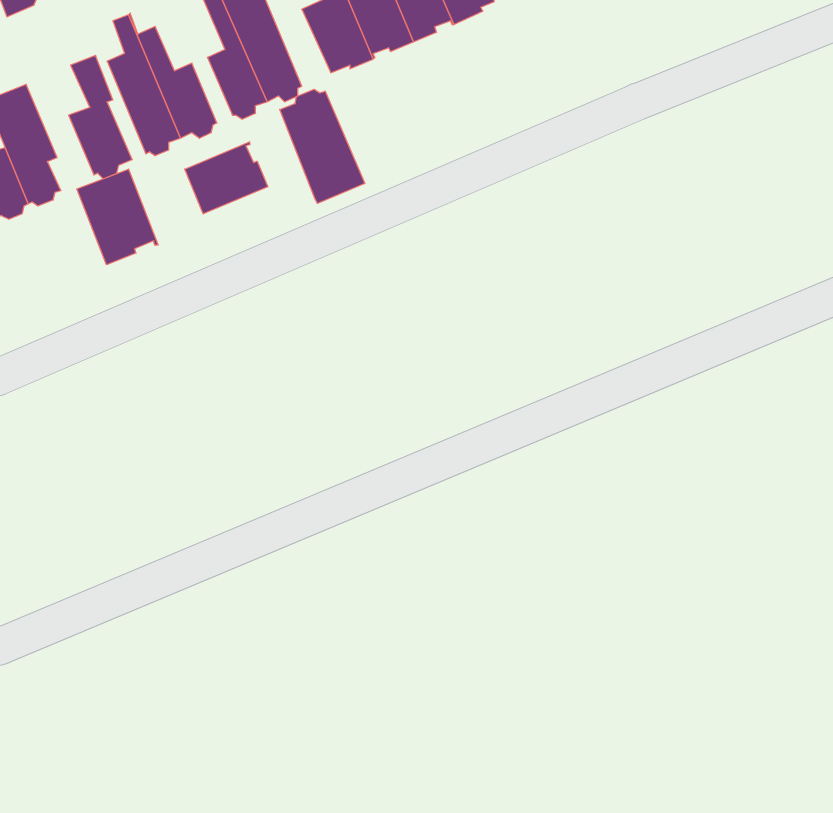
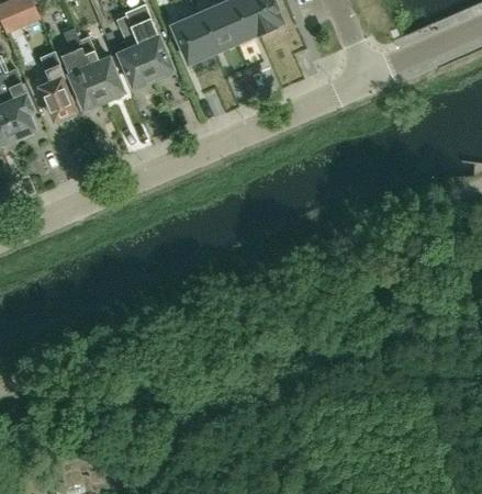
building: [280,89,365,203] -> none
building: [185,142,268,214] -> none
building: [77,169,158,265] -> none

